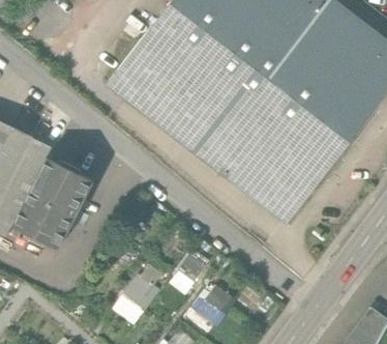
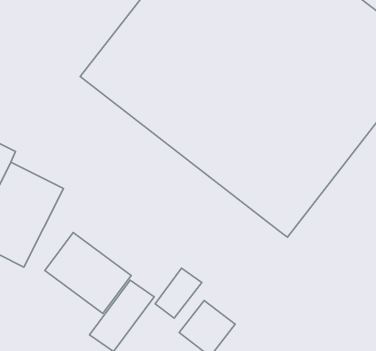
building: none -> [45,232,131,314]

